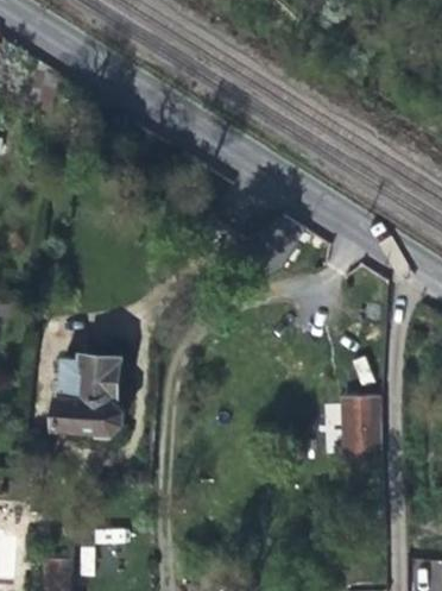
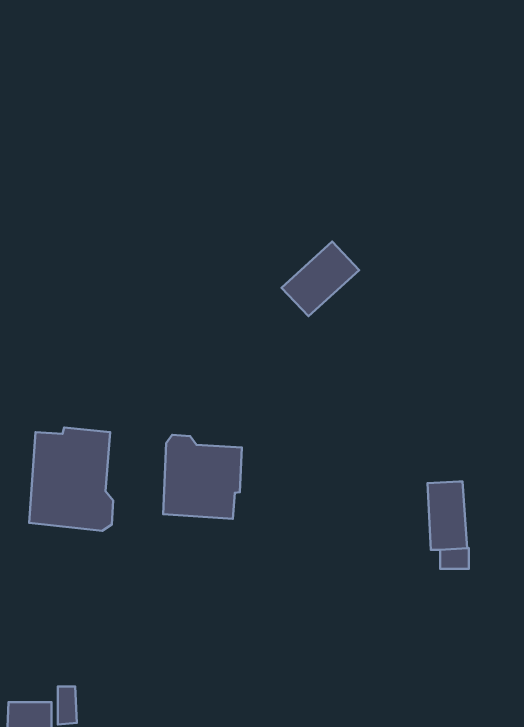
building: none -> [163,435,242,519]

